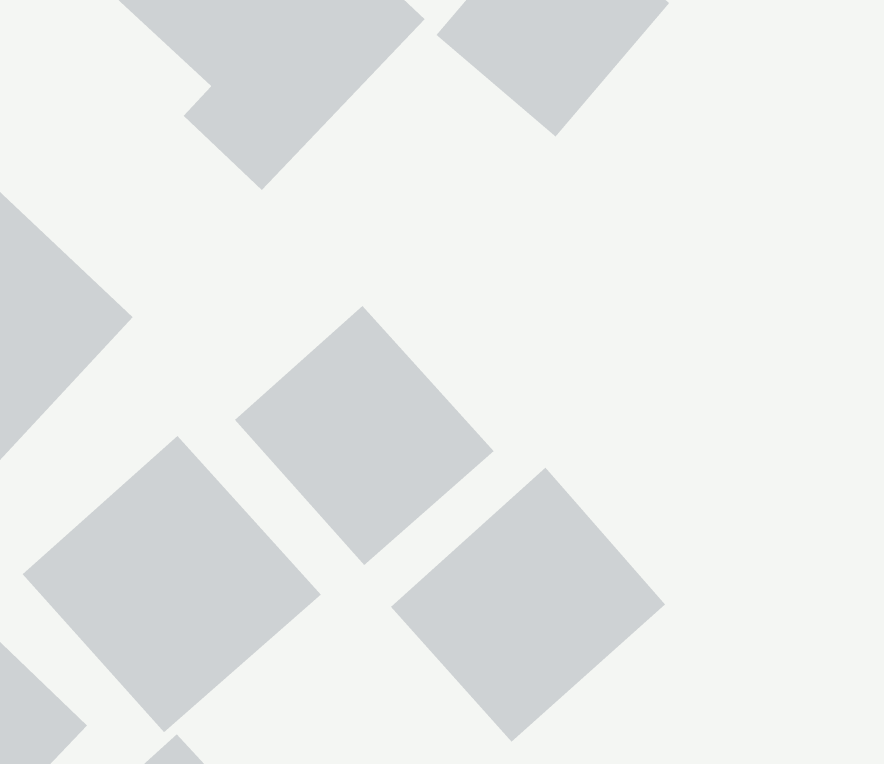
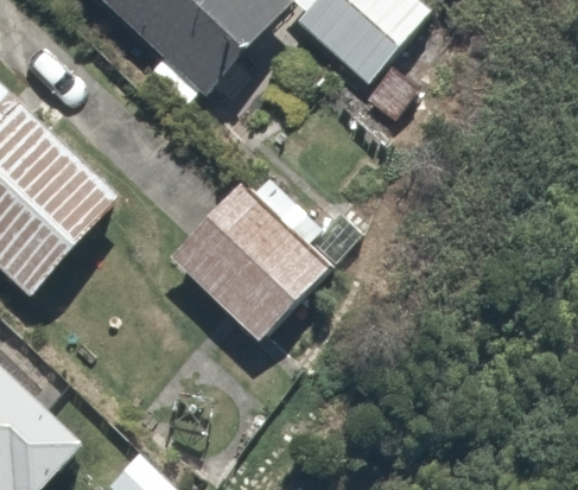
building: [22,435,322,733] -> none
building: [390,467,666,742] -> none

